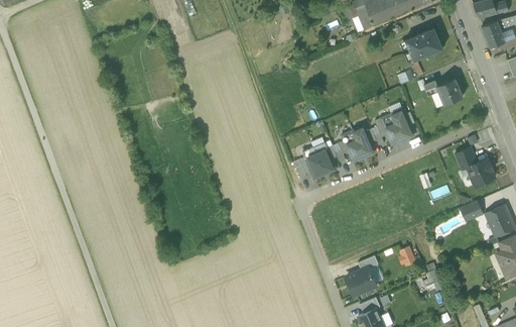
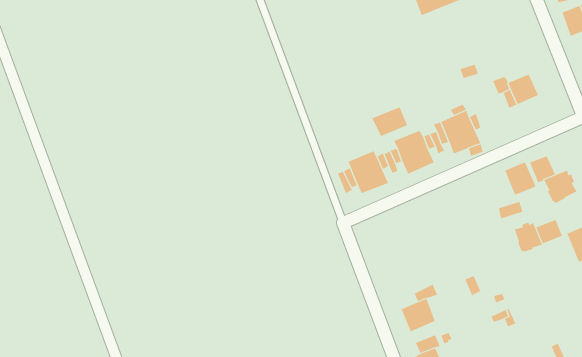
building: [405,28,442,61] -> none
building: none -> [372,107,408,137]
building: none -> [504,162,536,195]
building: none -> [514,222,542,252]

